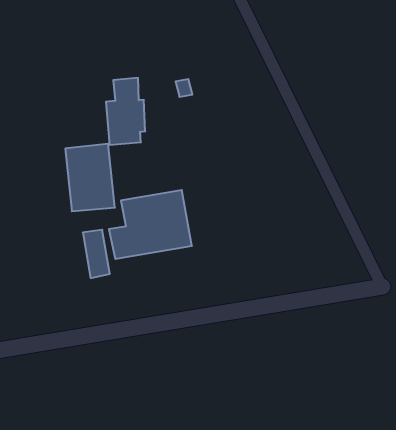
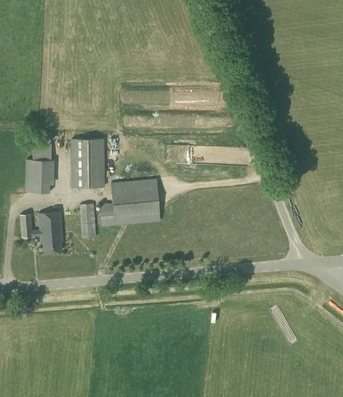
building: [106,78,145,145] -> [25,143,54,192]
building: none -> [19,212,62,252]

